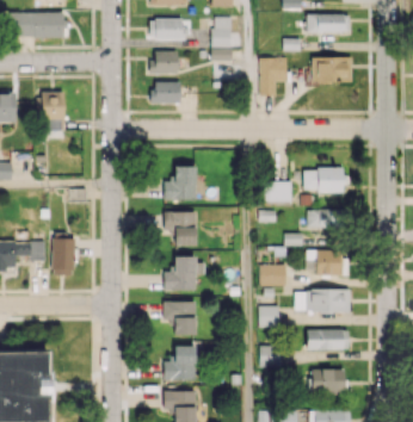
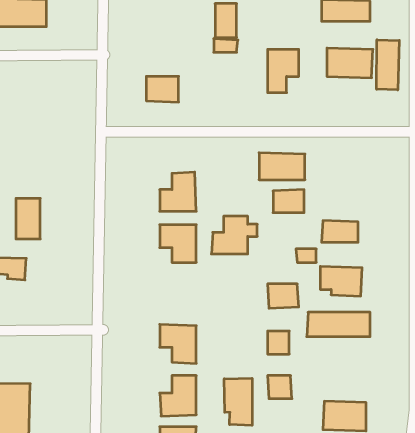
building: [149,19,184,39] -> none
building: none -> [377,40,399,90]
building: [148,51,178,74] -> none
building: [39,91,64,130] -> none
building: [303,168,344,192] -> [259,153,305,180]
building: [53,238,74,274] -> [16,198,40,239]
building: [164,256,204,290] -> [211,216,257,254]
building: [307,329,349,349] -> none
building: none -> [224,378,252,425]

